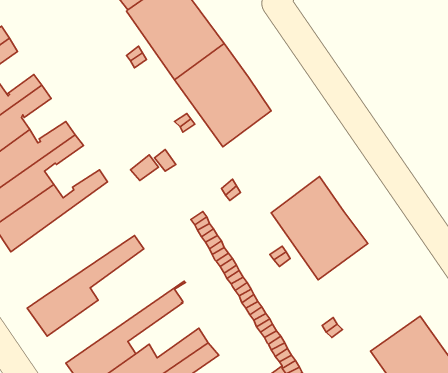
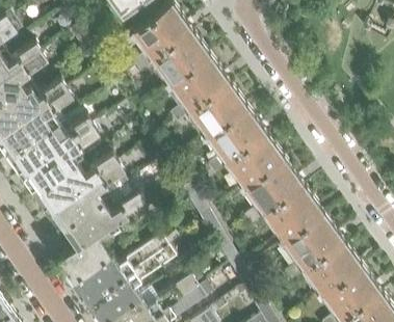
building: none -> [208,108,283,187]
building: none -> [44,163,145,252]
building: none -> [285,215,361,294]
building: none -> [72,235,178,303]

